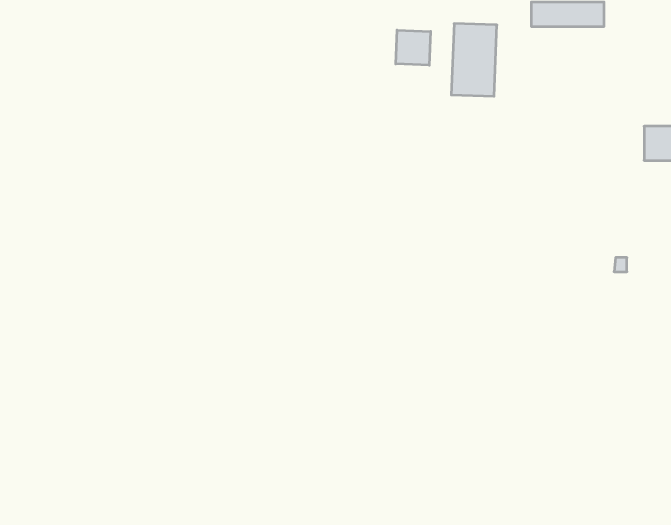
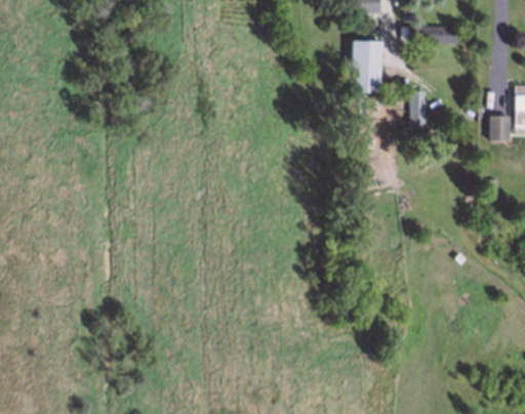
building: [396,30,431,65] -> none
building: none -> [412,91,428,125]

